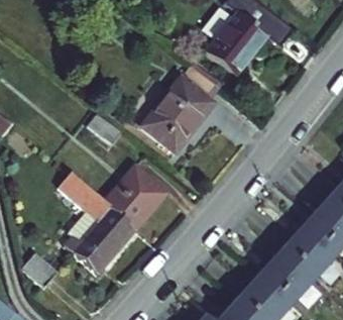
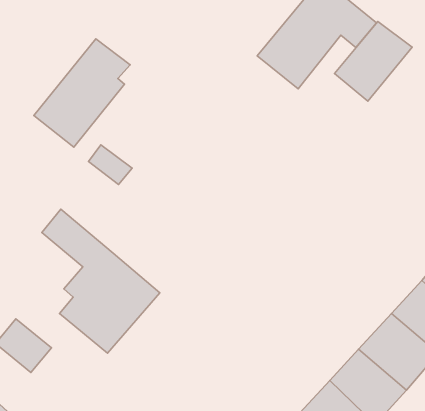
building: none -> [335,21,412,101]
building: [143,69,214,148] -> [34,39,130,147]
building: [99,159,163,225] -> none

